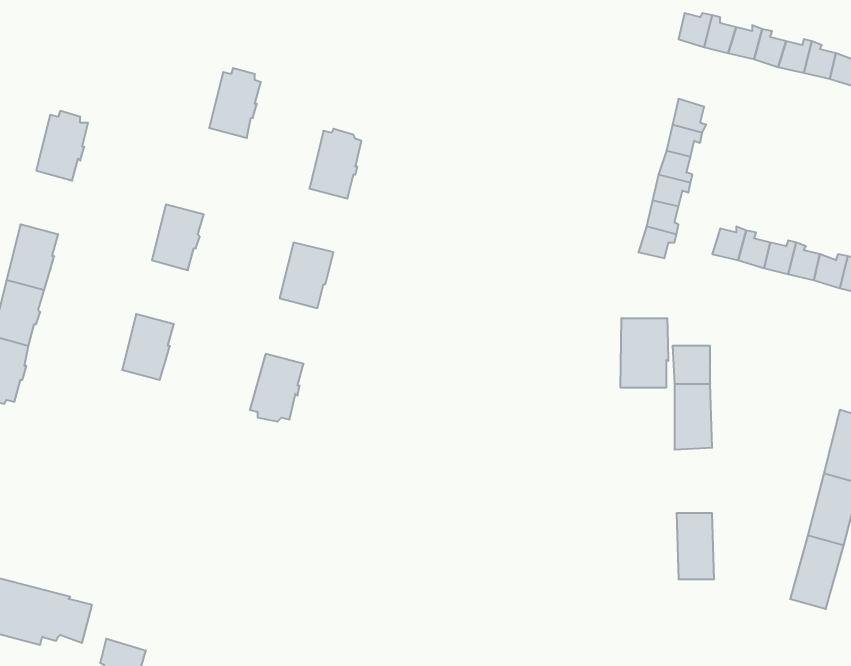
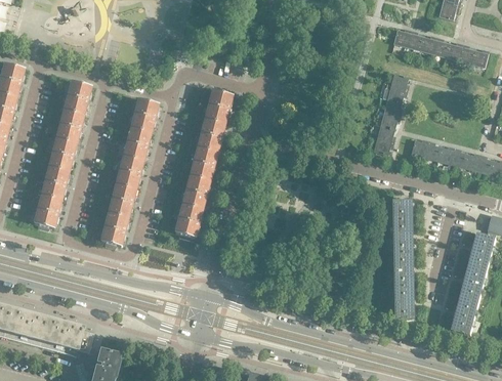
building: [209,68,261,138] -> [131,97,158,133]
building: none -> [56,111,83,143]
building: none -> [197,120,224,153]
building: none -> [116,157,142,189]
building: none -> [182,176,209,210]
building: [621,318,668,388] -> none
building: none -> [100,213,128,249]
building: none -> [392,253,412,287]

